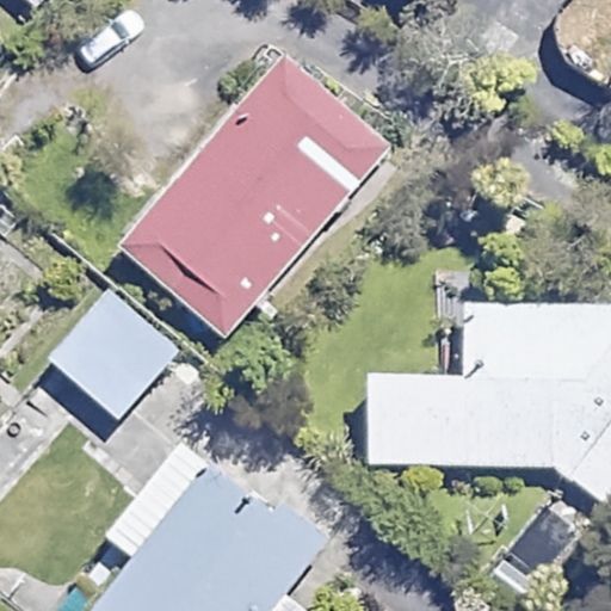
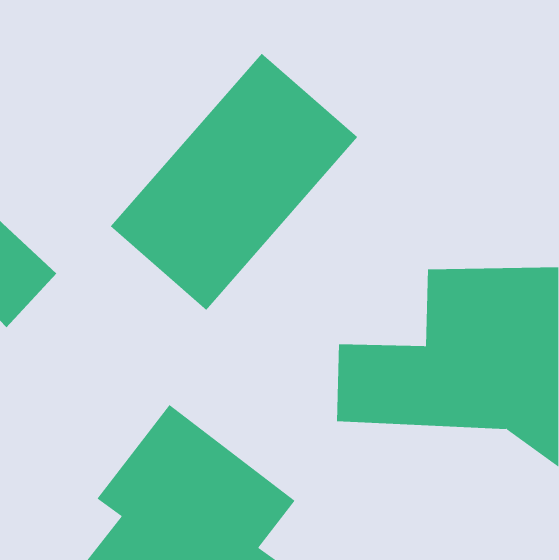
building: [47,289,179,421] -> none

